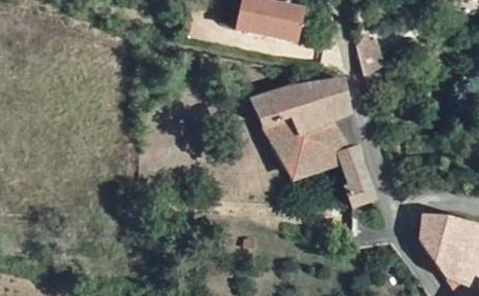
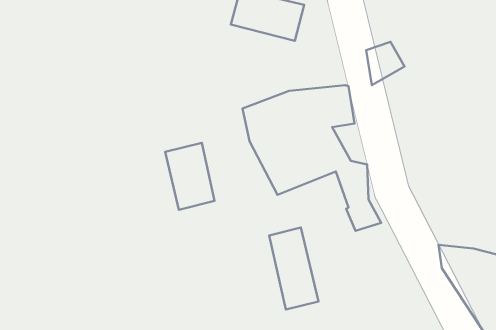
building: none -> [165,143,215,210]
building: none -> [269,228,319,310]

